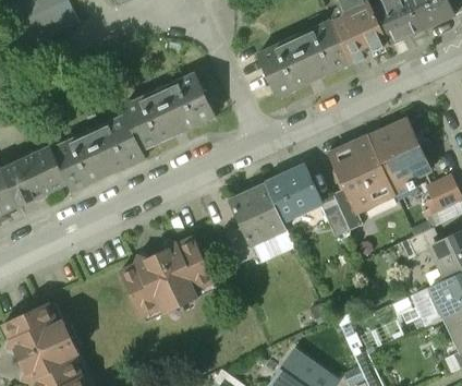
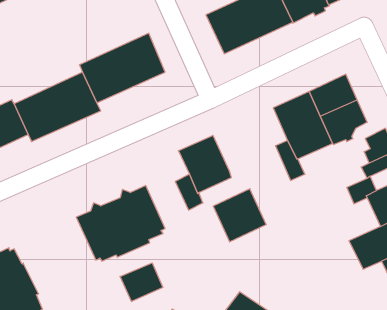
building: [265,165,321,221] -> [213,189,266,242]
building: none -> [120,263,163,302]

